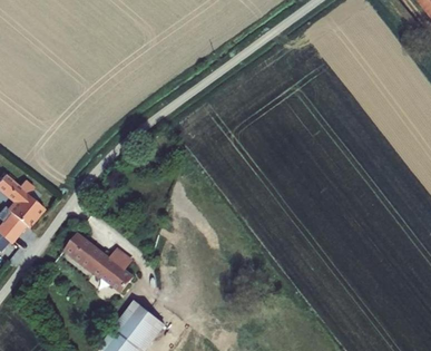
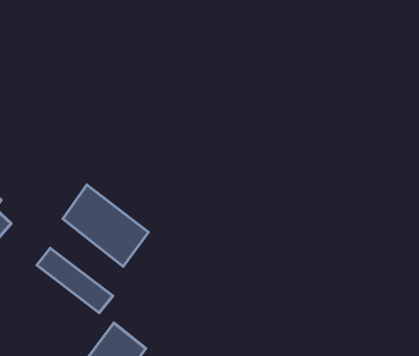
building: none -> [63,185,149,267]

